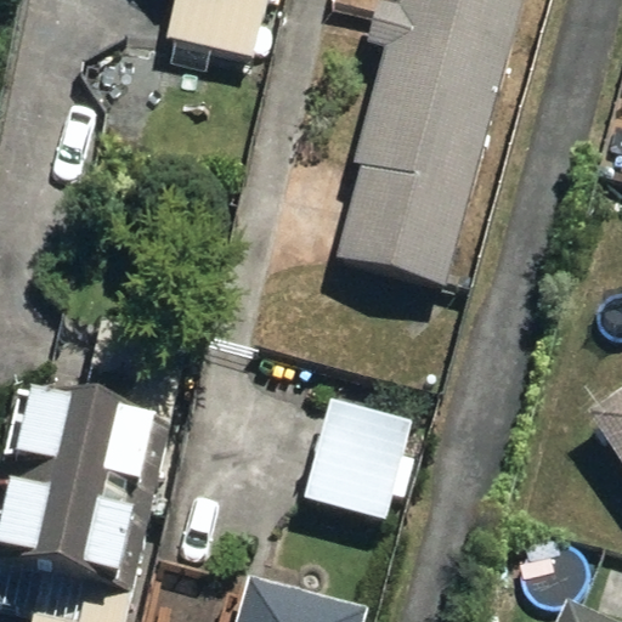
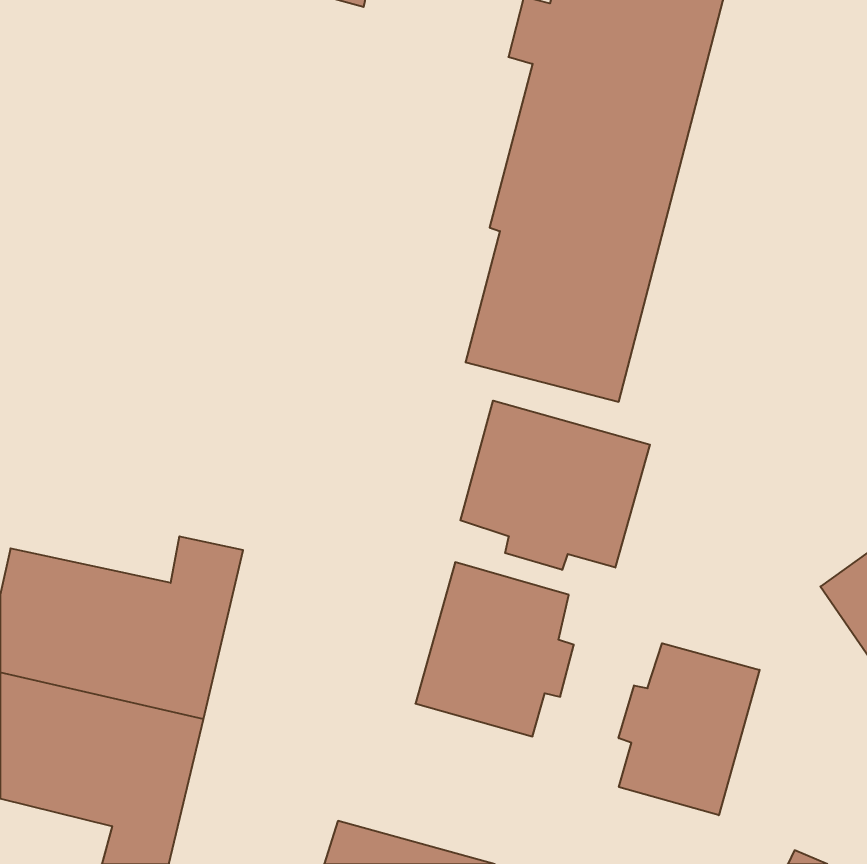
building: none -> [460,401,650,570]
building: none -> [619,643,760,815]

